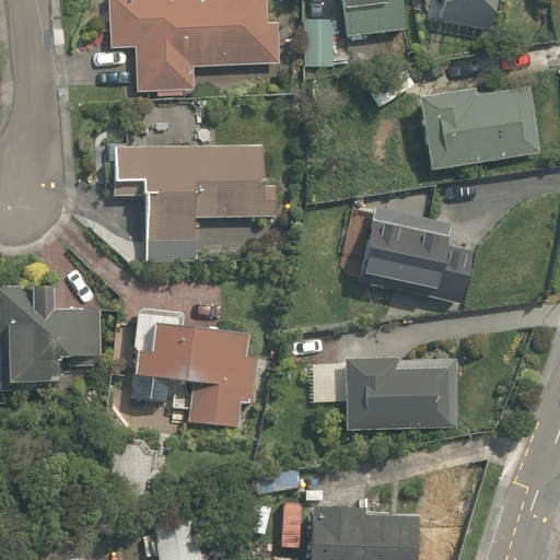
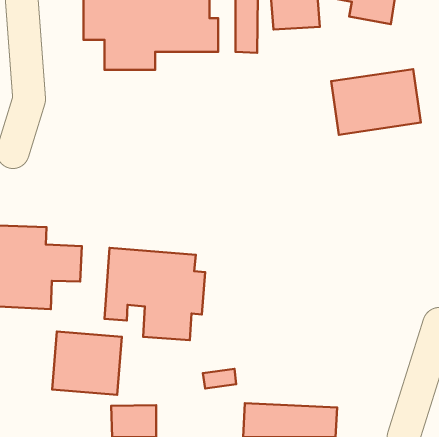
building: [110,142,276,257] -> none
building: [366,212,478,296] -> none
building: [308,359,456,431] -> none
building: none -> [52,332,122,395]

